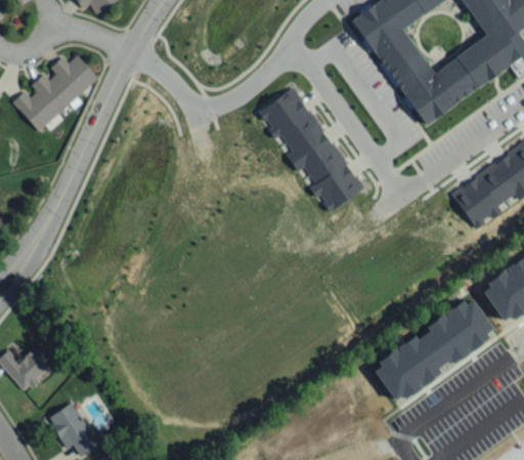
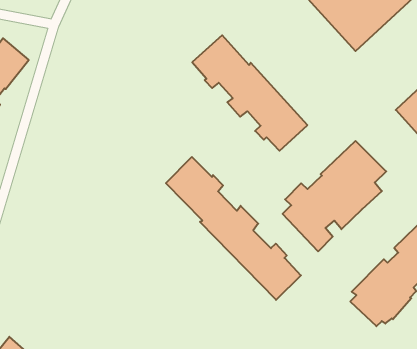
building: none -> [166,157,301,300]
building: none -> [283,141,386,251]

